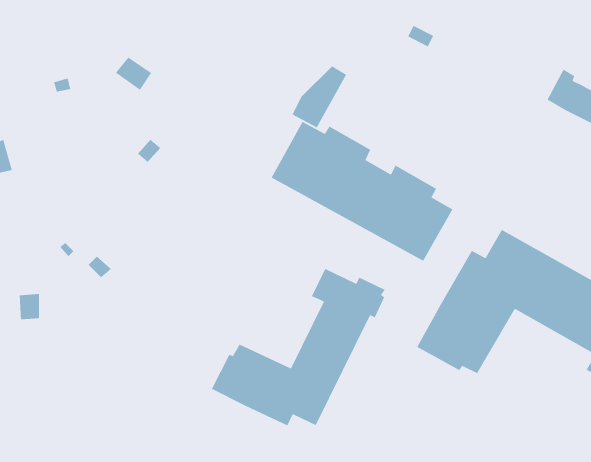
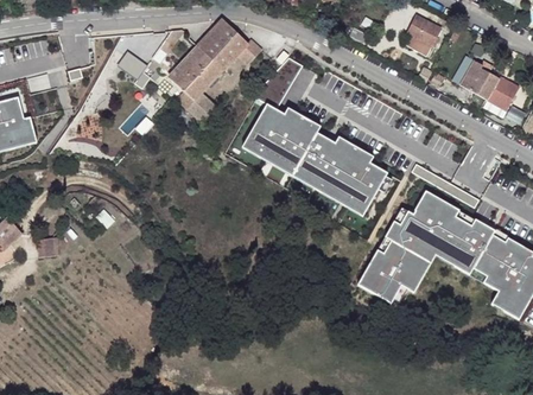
building: none -> [408,18,442,47]
building: none -> [169,19,262,126]
building: [211,268,386,426] -> none

